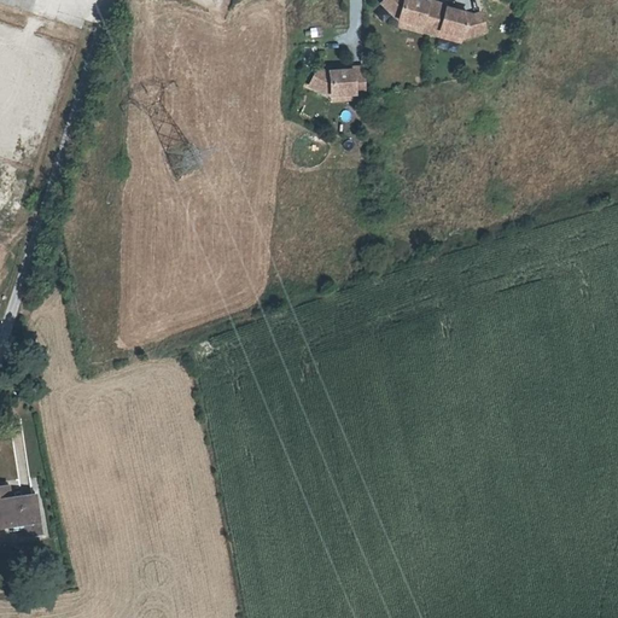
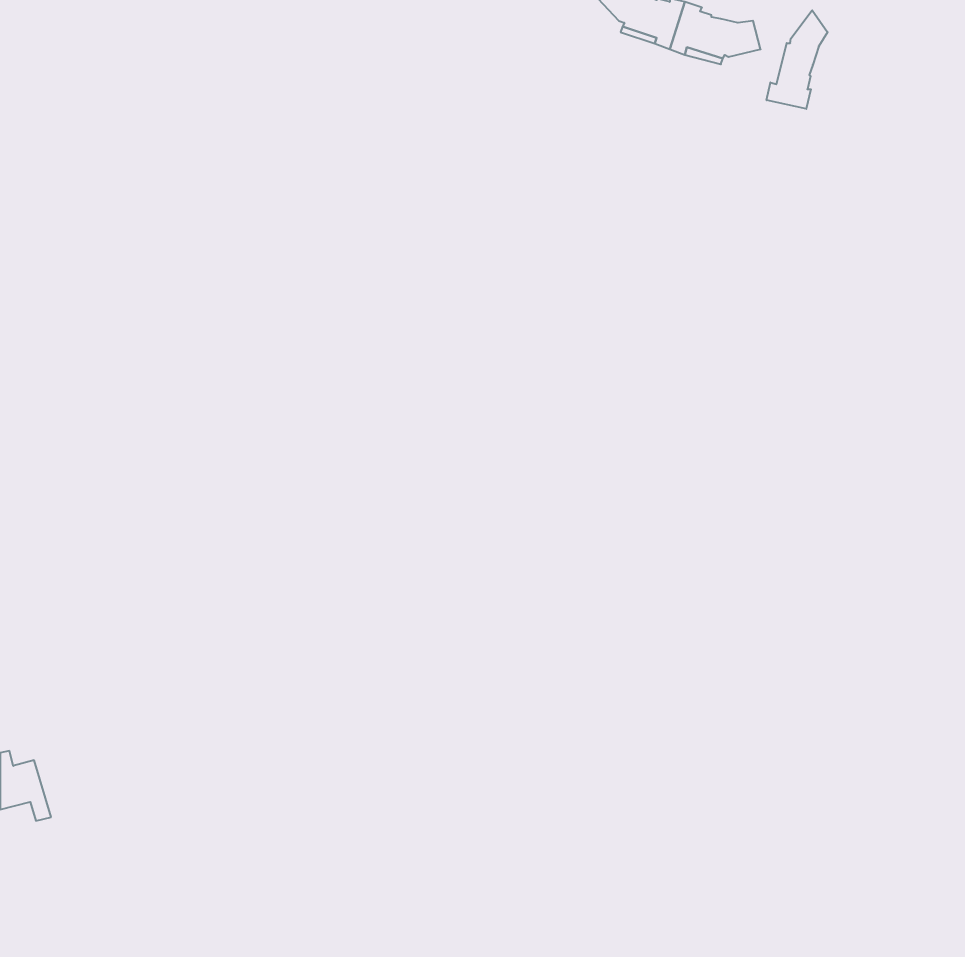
building: none -> [767,10,828,109]
building: [309,66,363,99] -> none

